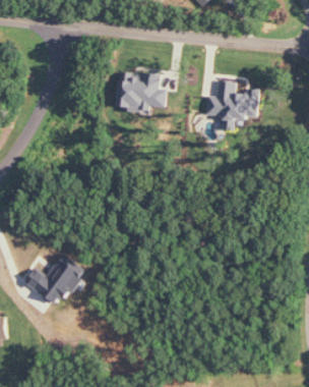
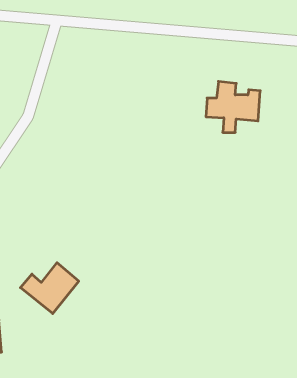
building: [117,72,165,111] -> none

